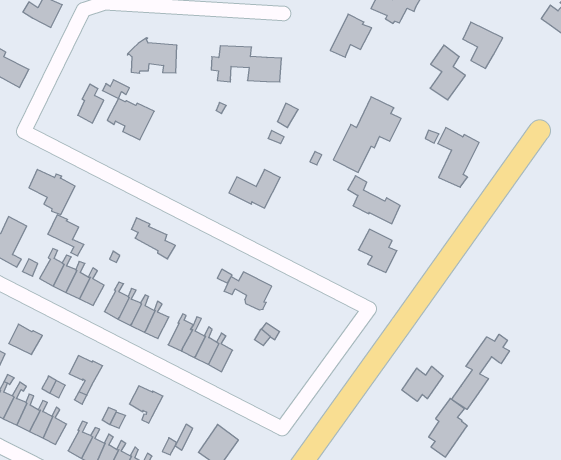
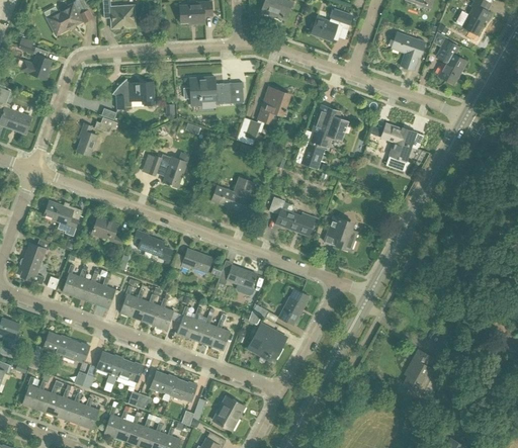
building: [330,14,372,57] -> [257,86,289,122]
building: [430,45,465,100] -> [436,37,466,83]
building: [107,98,154,140] -> [149,154,187,186]
building: [348,176,400,224] -> [269,197,315,234]
building: [48,215,84,256] -> [92,215,123,248]
building: none -> [173,248,212,271]
building: none -> [279,287,309,324]
building: [452,334,509,409] -> none
building: none -> [63,338,90,361]
building: none -> [248,322,284,361]
building: none -> [116,357,144,381]
building: [402,366,443,401] -> none
building: none -> [170,376,197,400]

